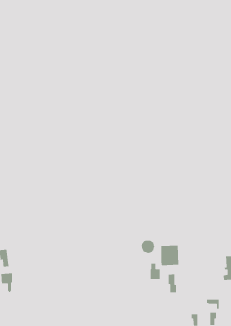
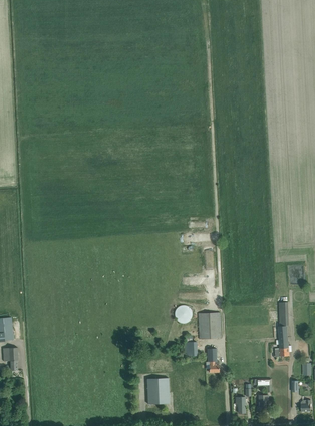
building: none -> [147,378,170,404]

